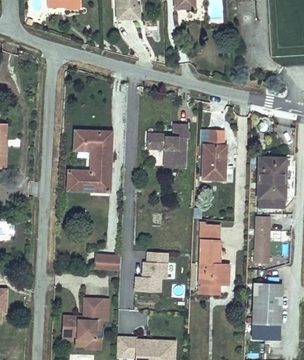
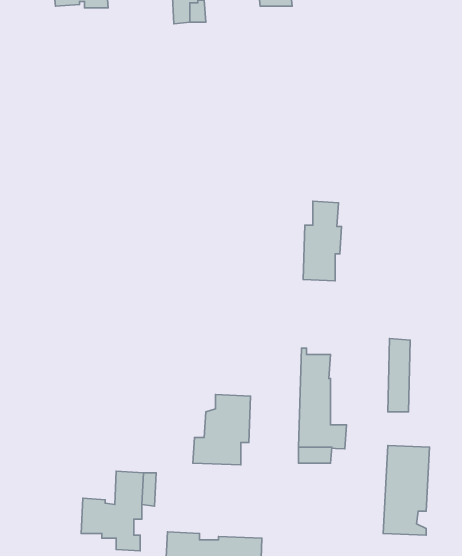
building: [148,123,187,166] -> none
building: [67,130,111,190] -> none
building: [257,155,286,212] -> none
building: [94,253,120,270] -> none

